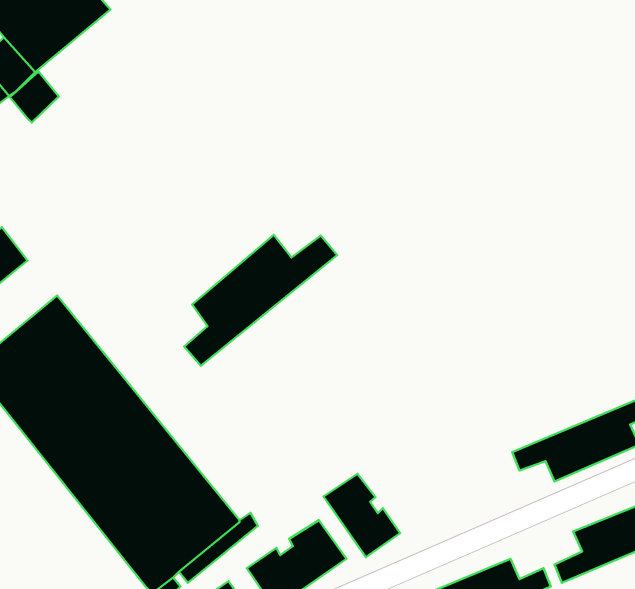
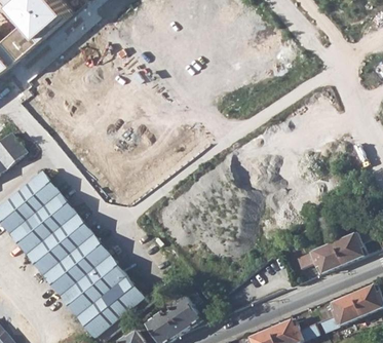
building: [10,71,59,122] -> none
building: [184,235,337,366] -> none
building: [324,474,400,557] -> none

